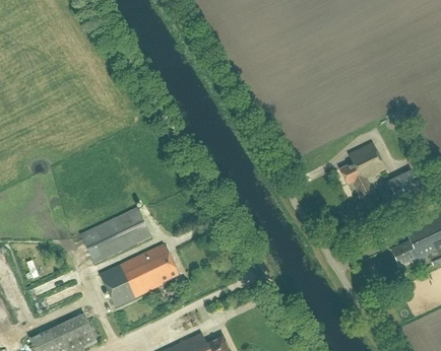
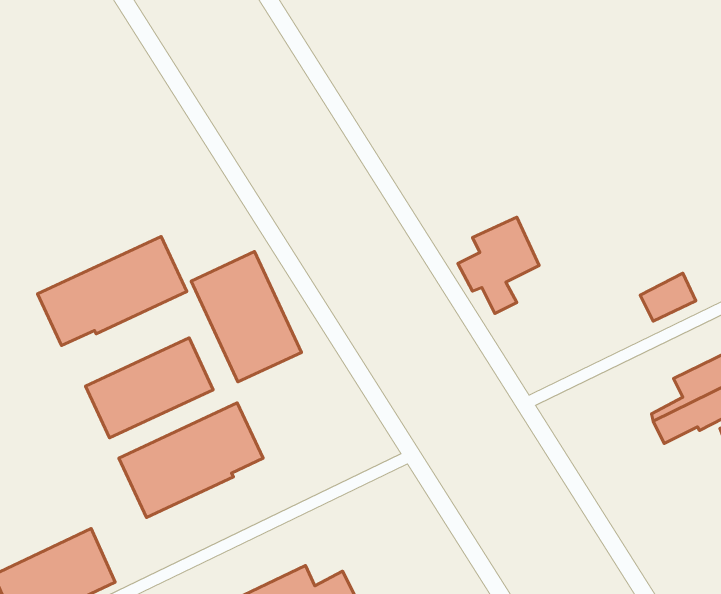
building: [340,143,385,196] -> [458,217,539,313]
building: none -> [38,236,187,346]
building: none -> [191,252,301,382]

